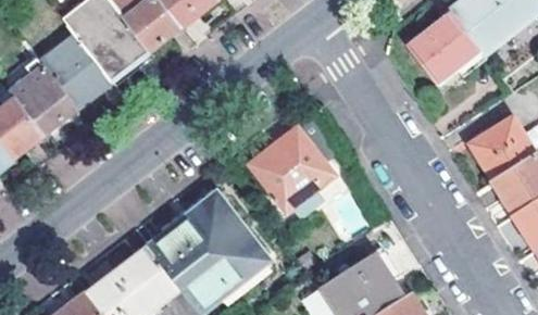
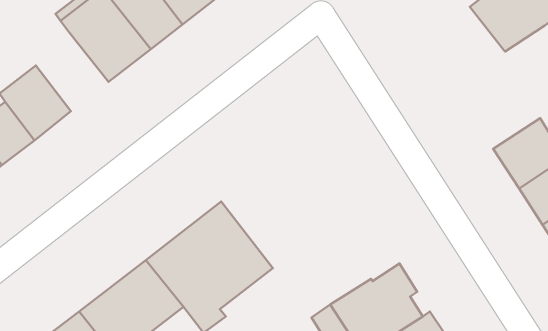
building: [404,12,479,86] -> none
building: [42,35,113,109] -> none
building: [251,129,333,213] -> none

